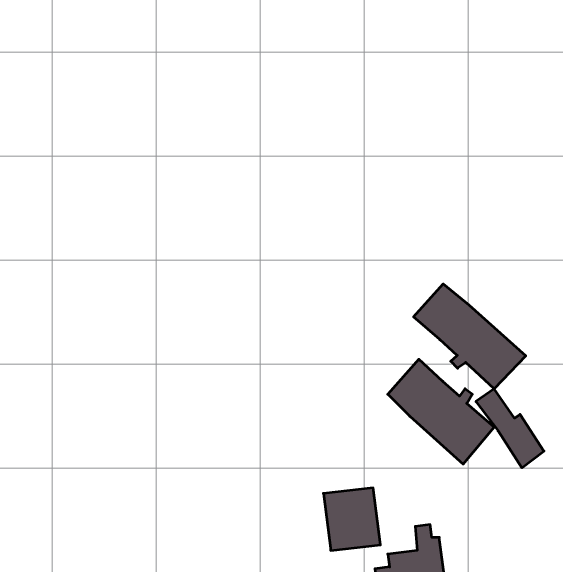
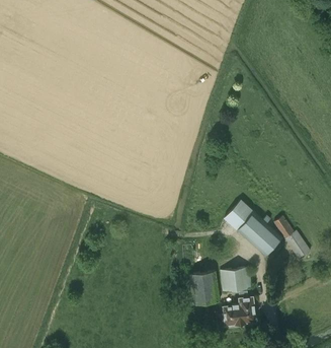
building: [414,284,526,389] -> none
building: none -> [220,268,252,292]

